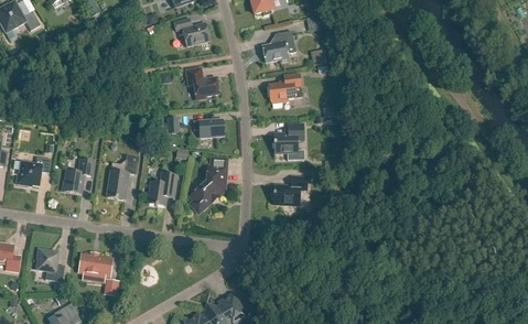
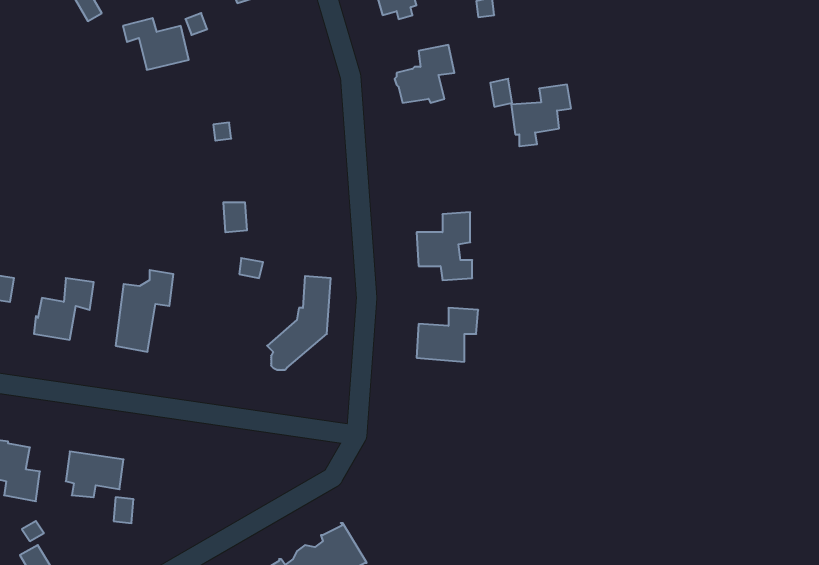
building: [173,18,209,46] -> [123,18,189,70]
building: [185,67,219,99] -> none
building: [268,73,301,107] -> [511,85,571,146]
building: [193,118,224,138] -> none
building: [148,173,177,205] -> none

